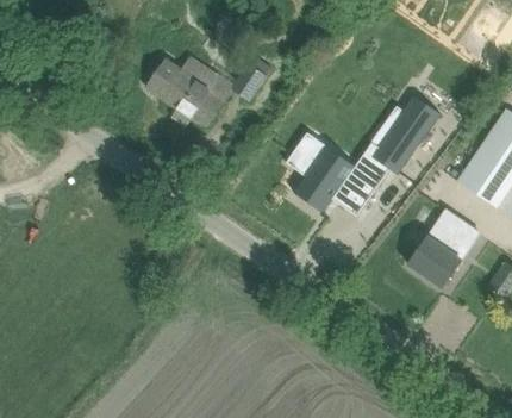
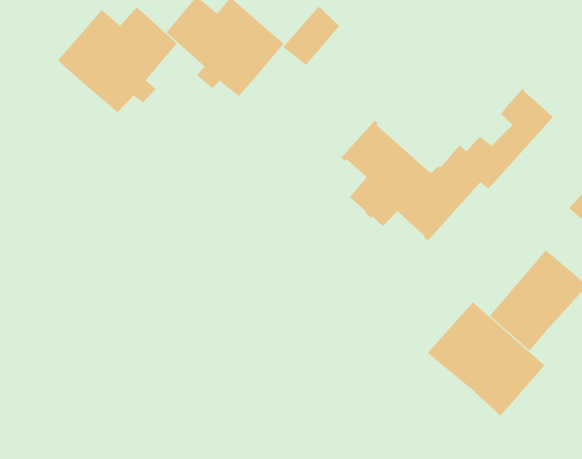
building: none -> [57,7,178,113]
building: none -> [427,302,545,417]

